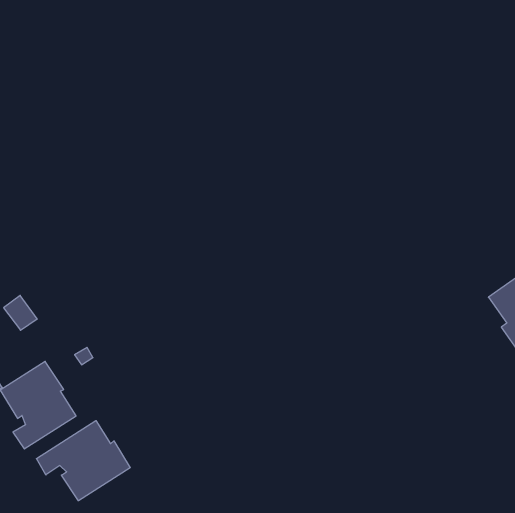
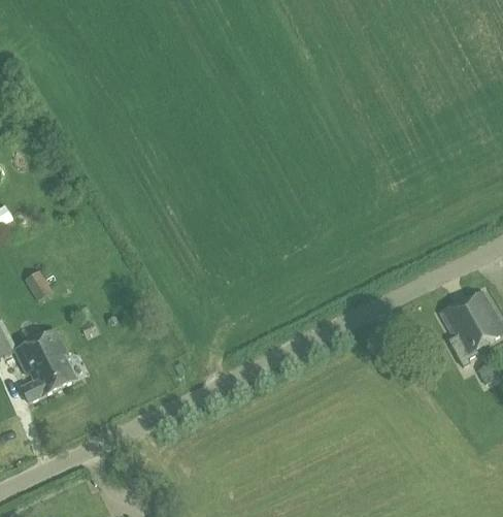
building: [36,421,130,501] -> none

